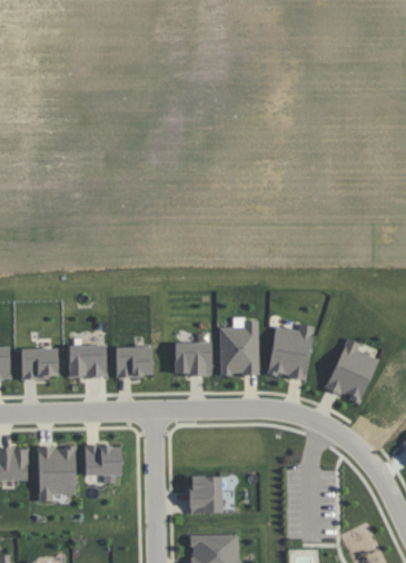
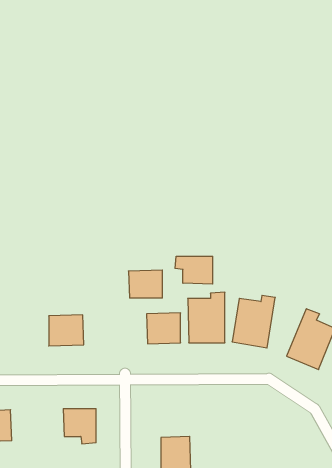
building: none -> [175,256,213,284]
building: [116,346,152,376] -> [128,270,162,298]
building: [21,347,58,378] -> none
building: [38,445,77,501] -> none

